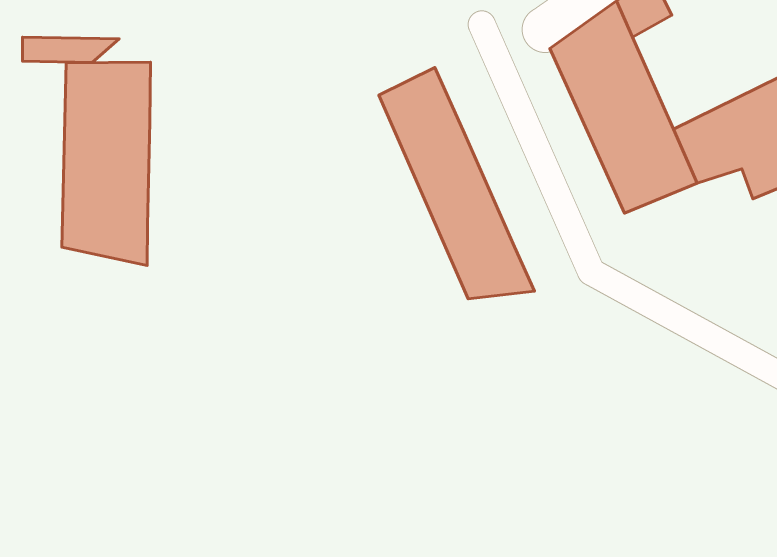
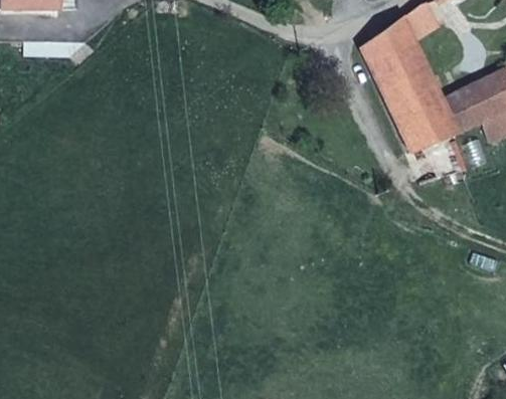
building: [62,62,150,265] -> none
building: [379,68,535,299] -> none

